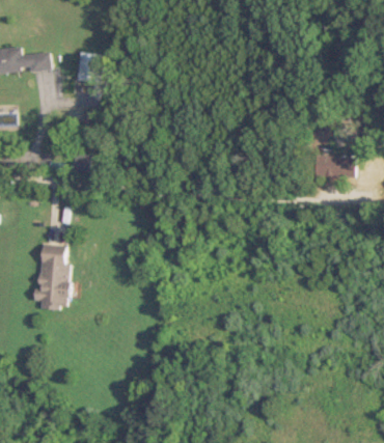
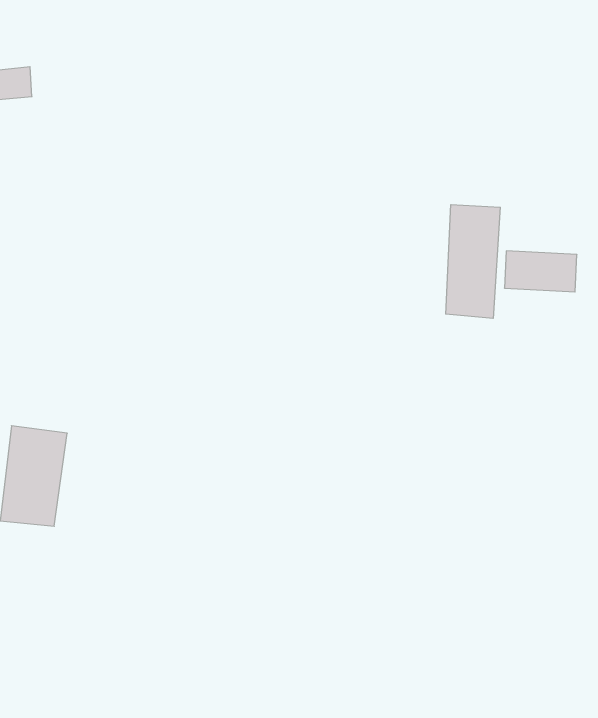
building: [76,52,100,82] -> none
building: none -> [446,205,500,318]

